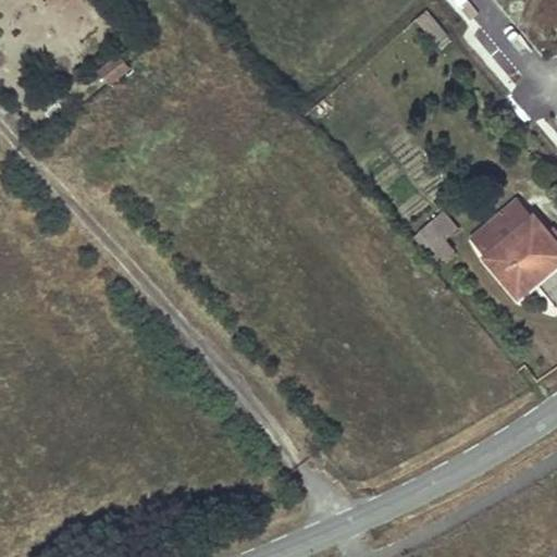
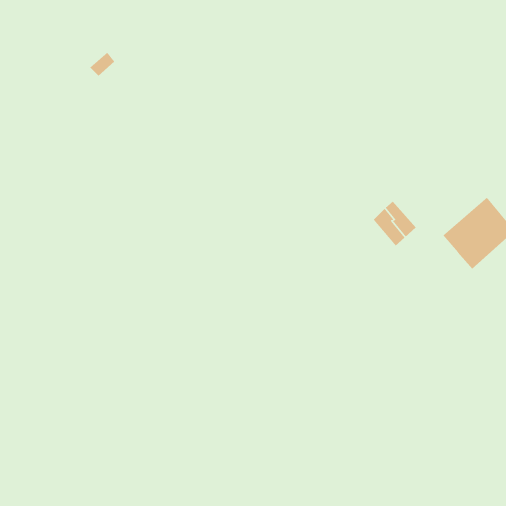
building: [469,197,535,260] -> none

